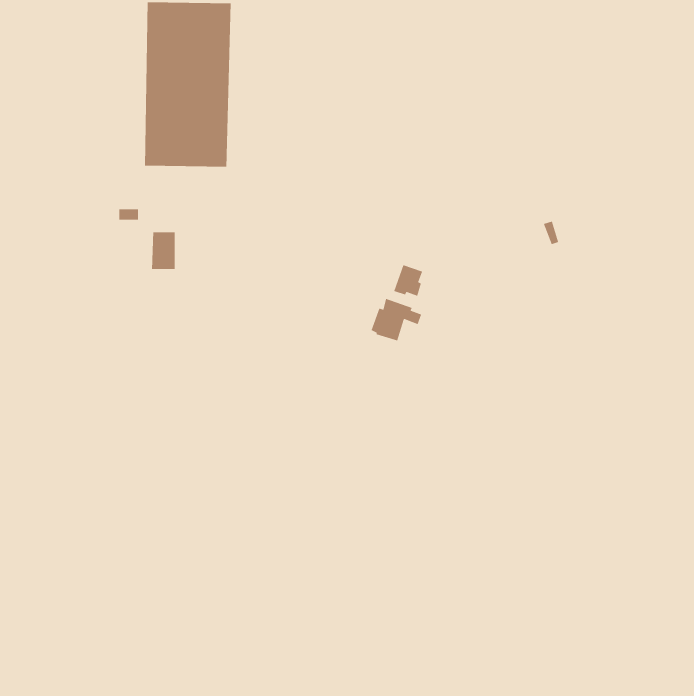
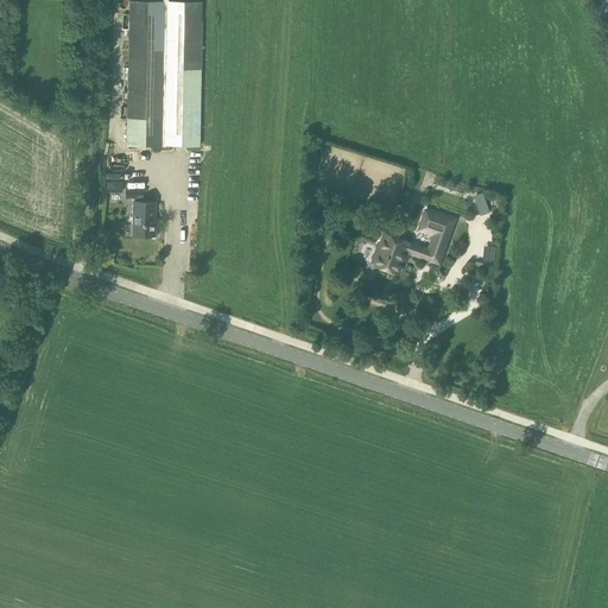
building: none -> [419,210,454,254]
building: [371,298,422,342] -> [372,234,417,272]

